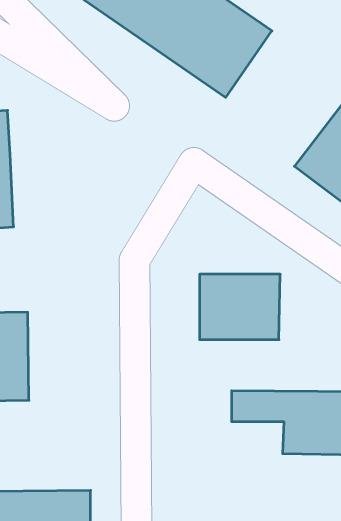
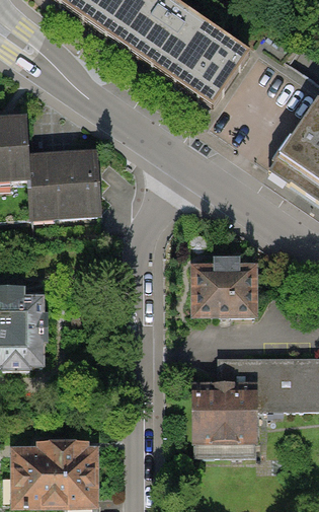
building: none -> [29,150,101,216]
building: none -> [189,381,263,455]

